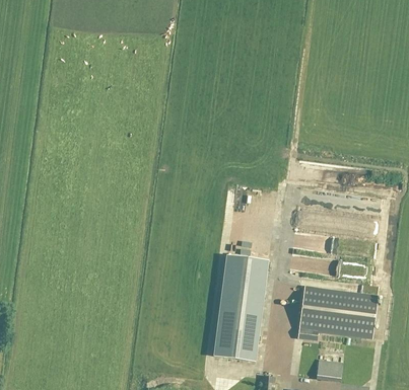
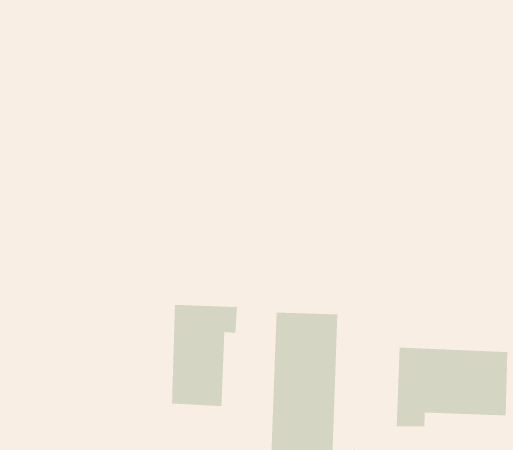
building: none -> [172,304,237,407]

